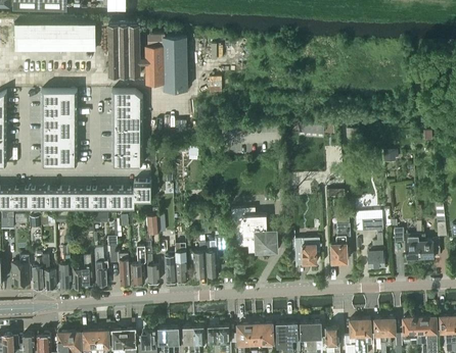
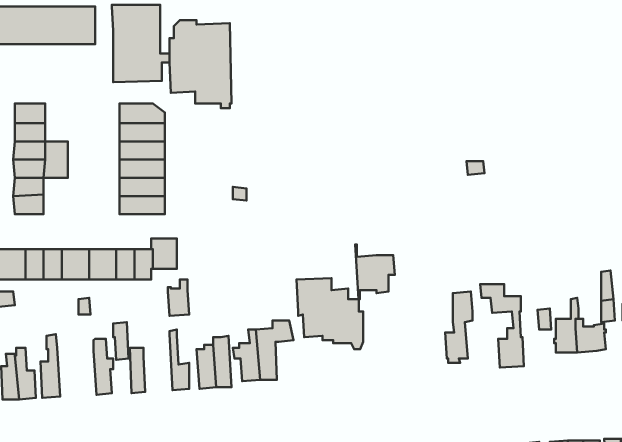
building: [61,91,77,116] -> none
building: [60,141,77,165] -> none
building: [293,232,320,268] -> [355,245,395,299]
building: [130,247,145,285] -> none
building: [72,255,92,288] -> none

